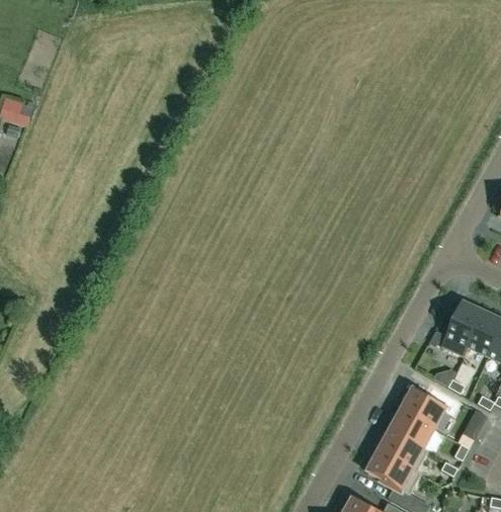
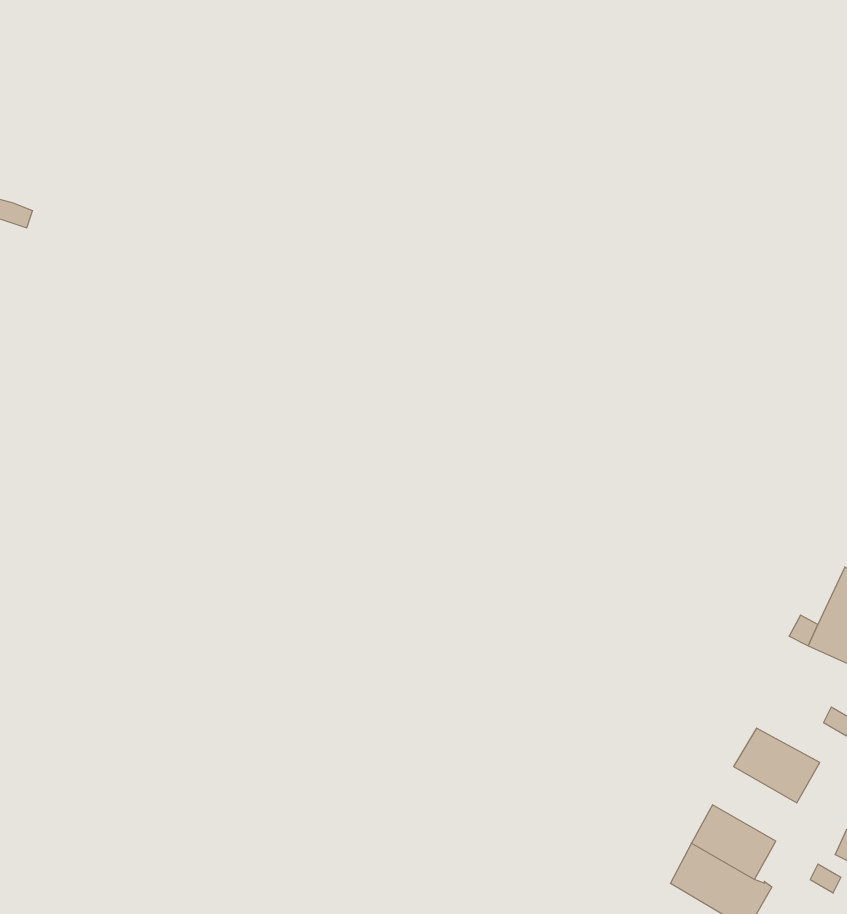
building: [390,409,434,448] -> none

